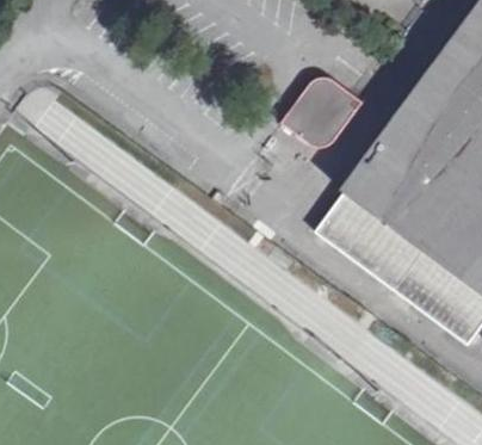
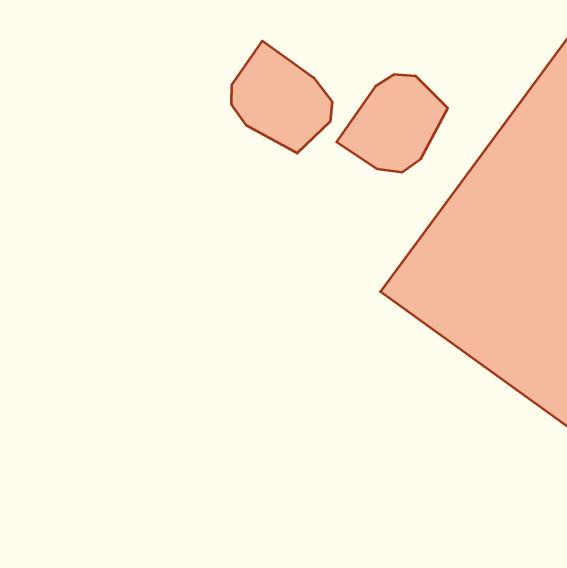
building: none -> [232,41,332,153]

